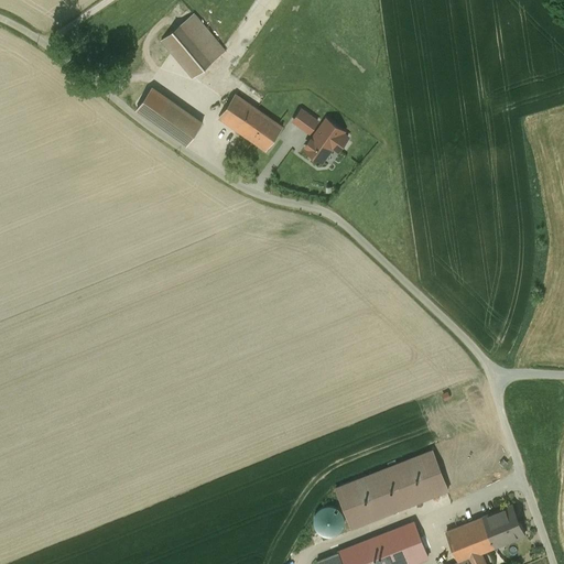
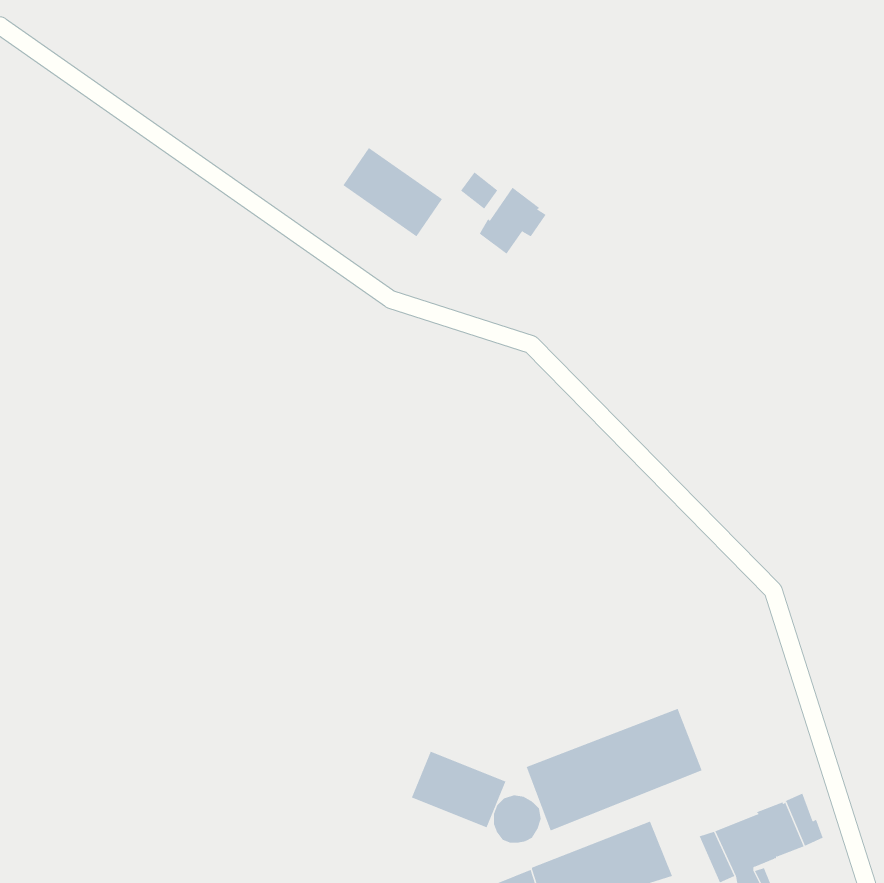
building: [161,14,225,79] -> none
building: [135,88,202,147] -> none
building: none -> [411,751,506,828]

